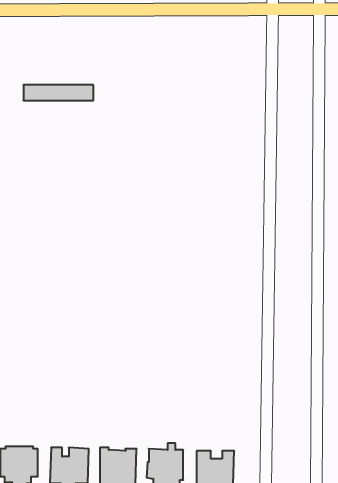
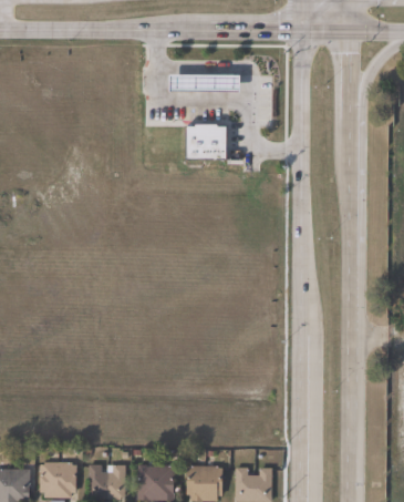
building: [23,85,93,100] -> [169,74,239,90]
building: none -> [186,123,226,157]

